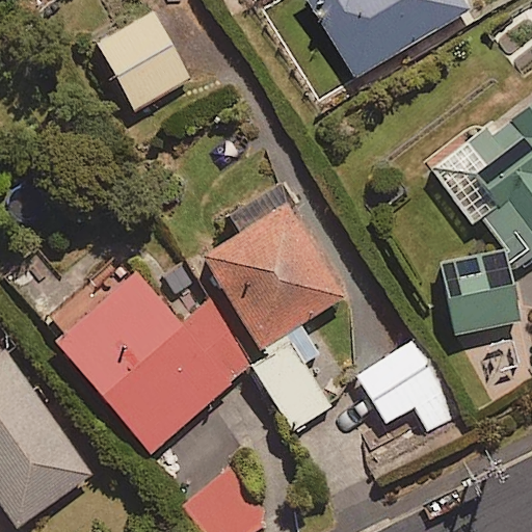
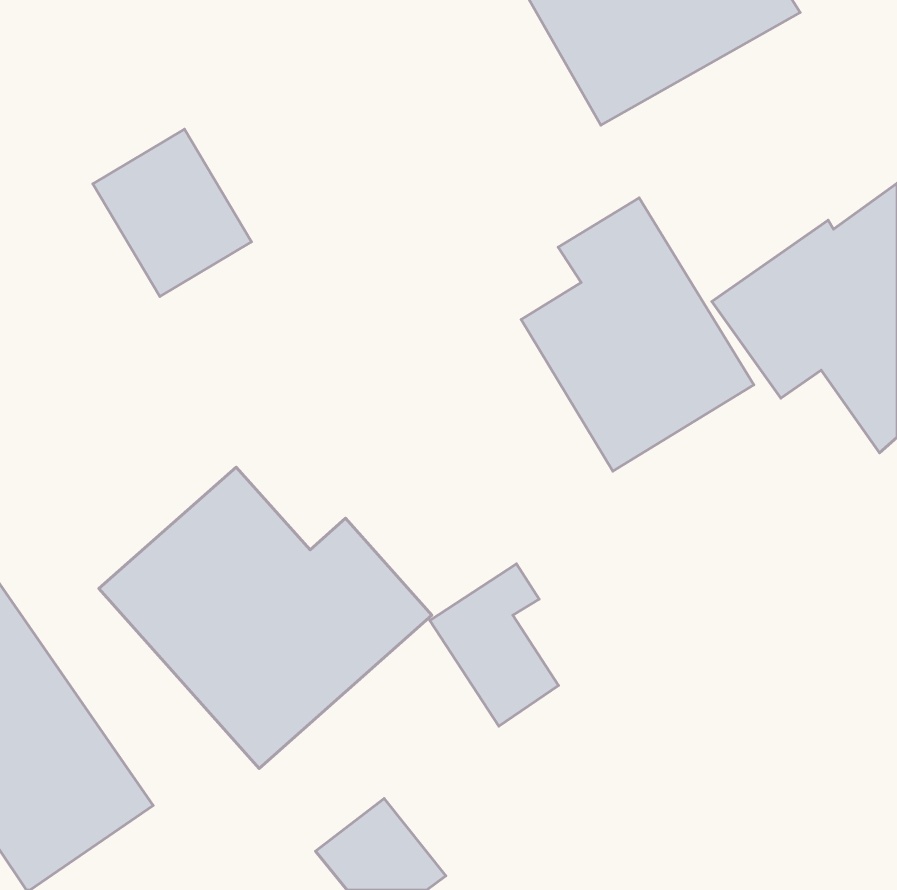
building: [97,9,190,108] -> [93,129,252,296]
building: [207,187,344,348] -> [521,198,754,471]
building: [443,252,518,334] -> none
building: [356,340,453,425] -> none

